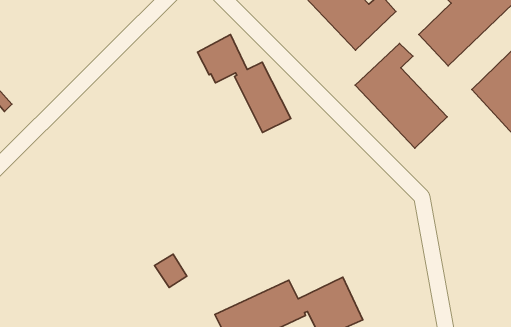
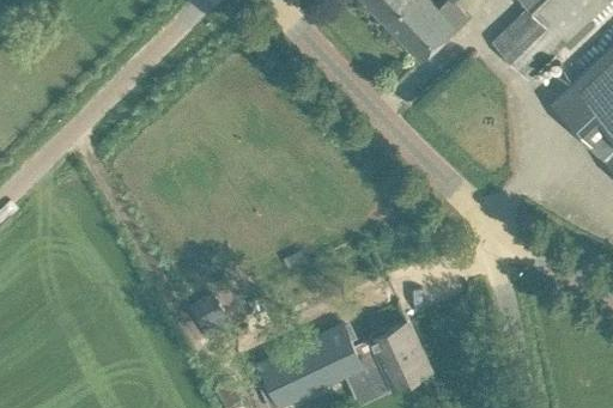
building: [197,35,291,132] -> none
building: [355,43,447,148] -> none

